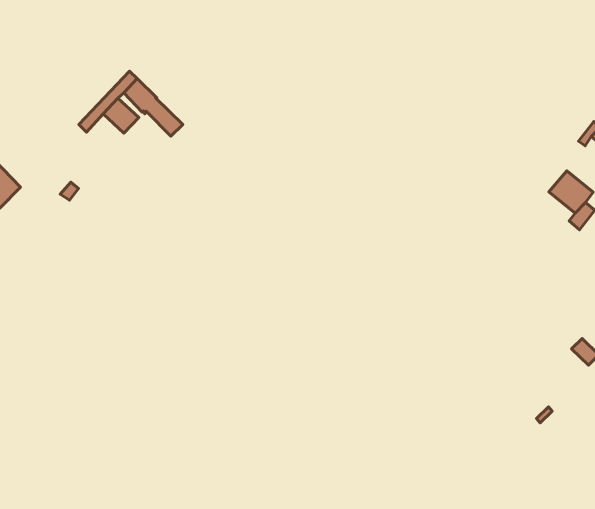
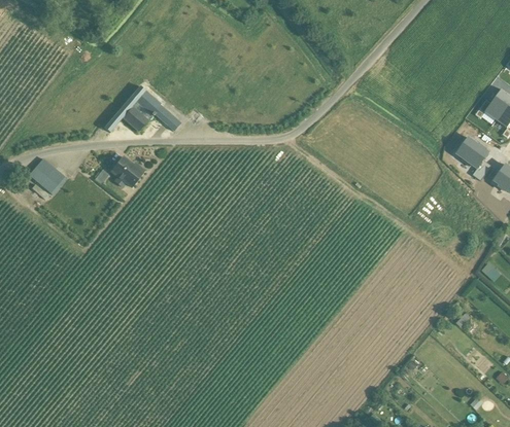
building: none -> [110,156,143,187]

